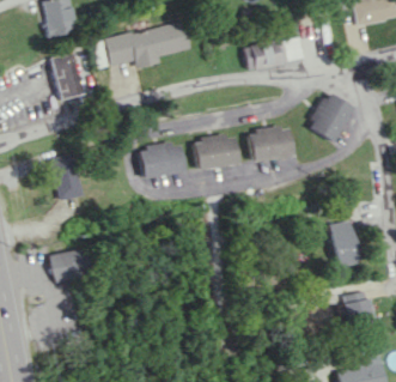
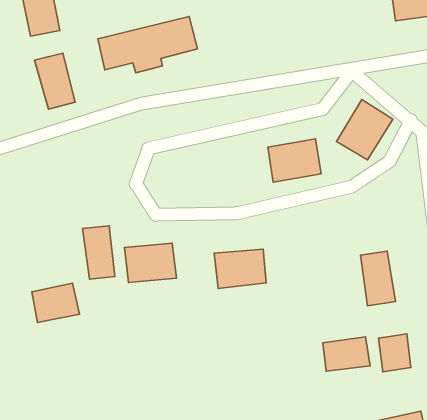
building: [243,36,304,71] -> none
building: [195,135,239,169] -> [214,249,266,288]
building: [141,143,185,176] -> [124,243,176,282]
building: [53,153,80,199] -> [83,226,115,279]
building: none -> [323,337,370,371]

